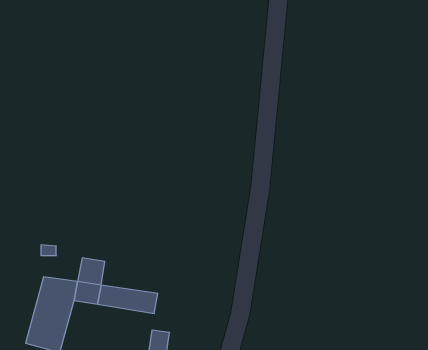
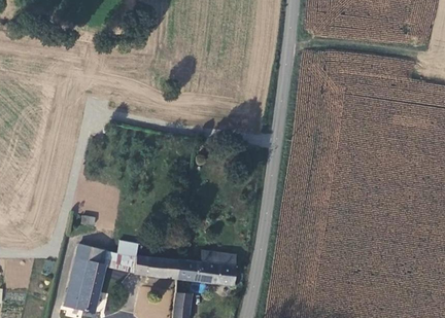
building: none -> [176,249,238,286]

